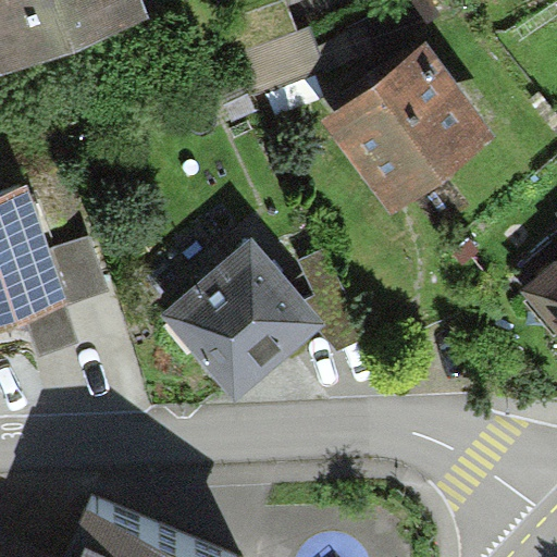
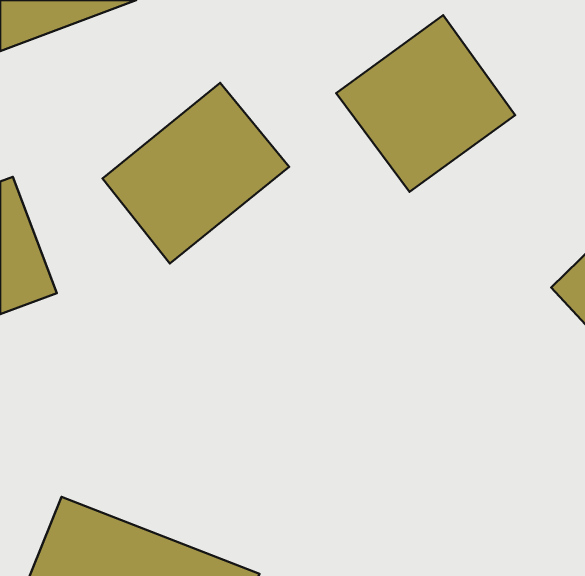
building: none -> [103,83,289,264]
building: [165,240,315,388] -> none

